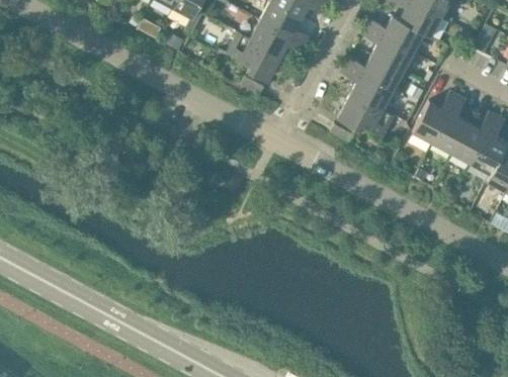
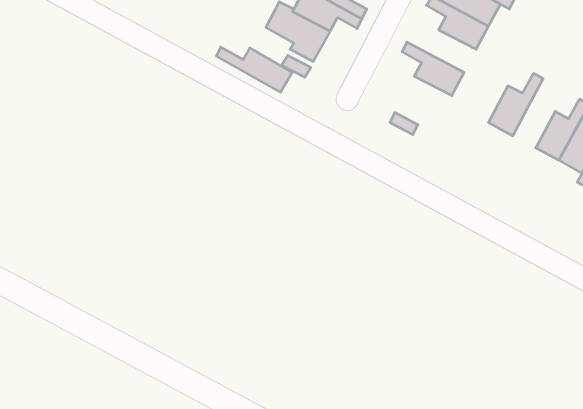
building: [344,56,402,91] -> none
building: none -> [217,47,292,92]
building: [337,94,394,137] -> none
building: [432,96,468,154] -> none

